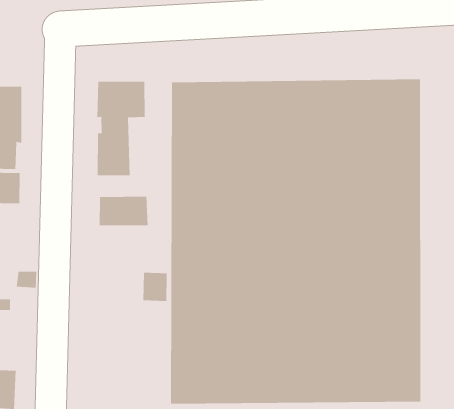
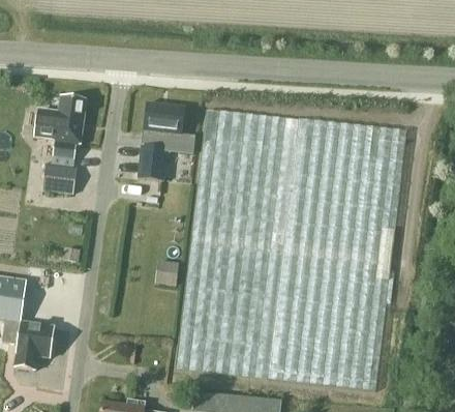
building: [99,196,148,226] -> none

